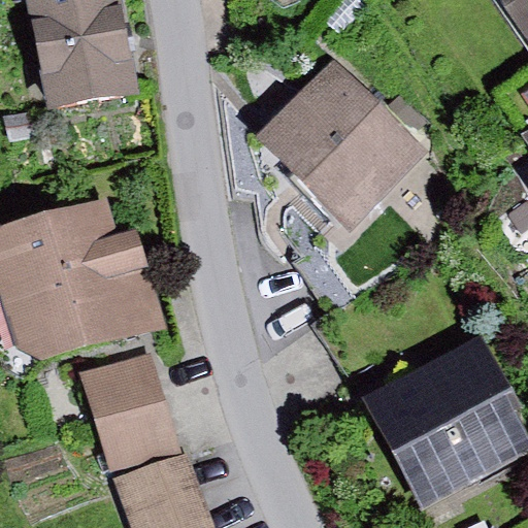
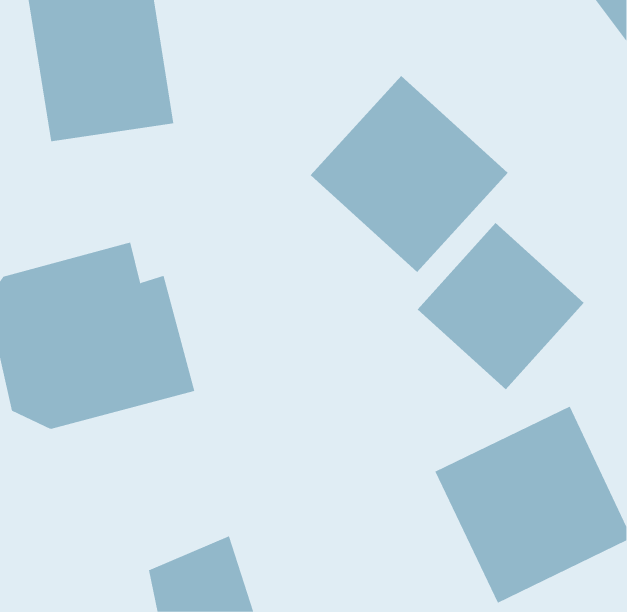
building: none -> [417,222,584,390]
building: [89,351,179,459] -> none

